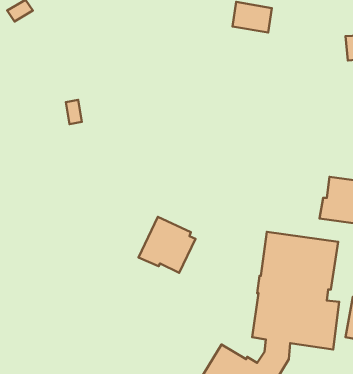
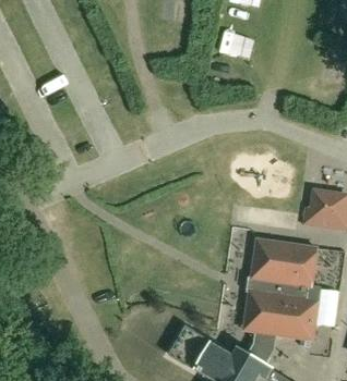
building: [139,217,195,273] -> none

